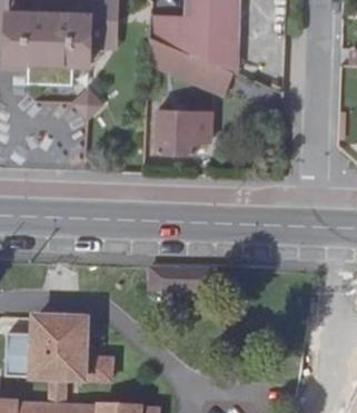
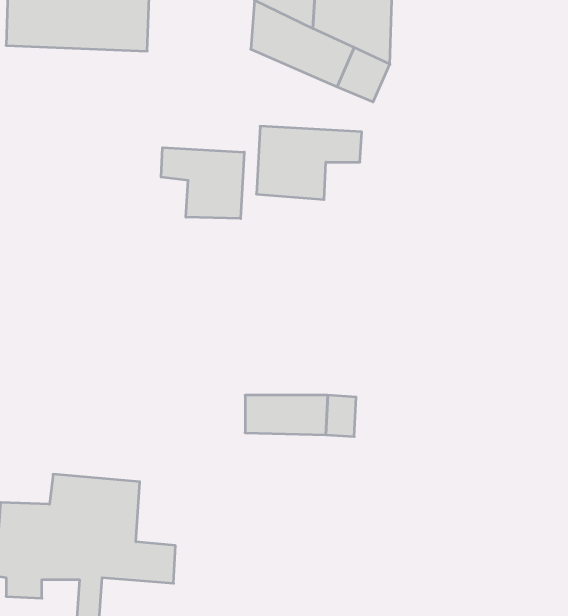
building: none -> [161,148,244,219]

